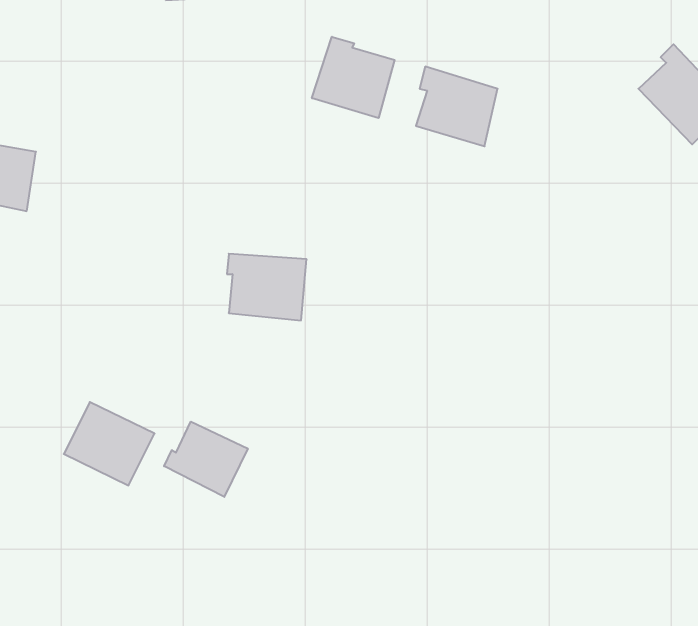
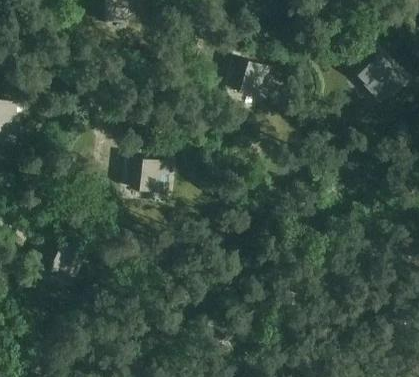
building: [312,37,395,118] -> none
building: [164,422,248,497] -> none

